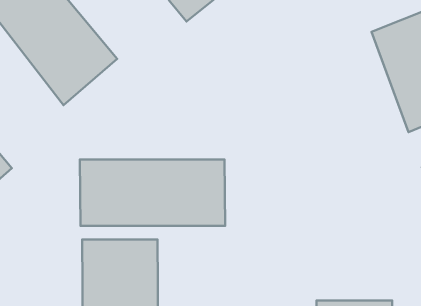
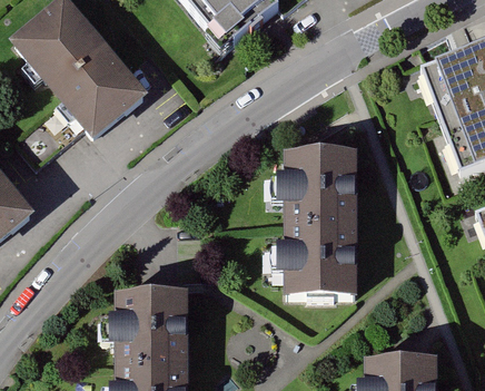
building: none -> [281,145,363,291]
building: [80,160,225,226] -> none

